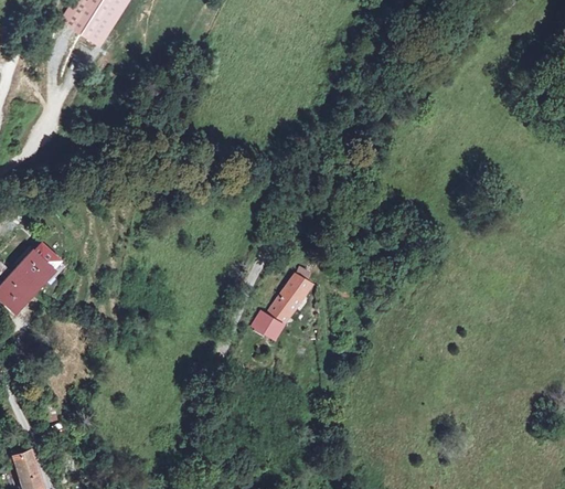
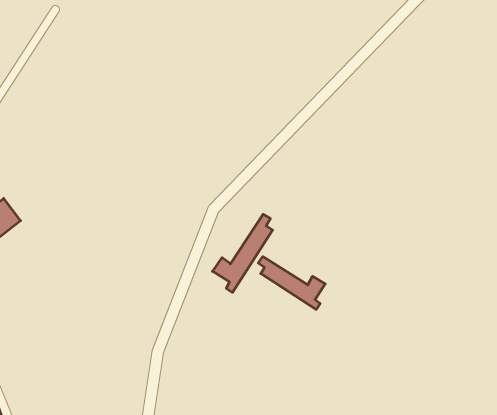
building: none -> [258,257,325,309]

